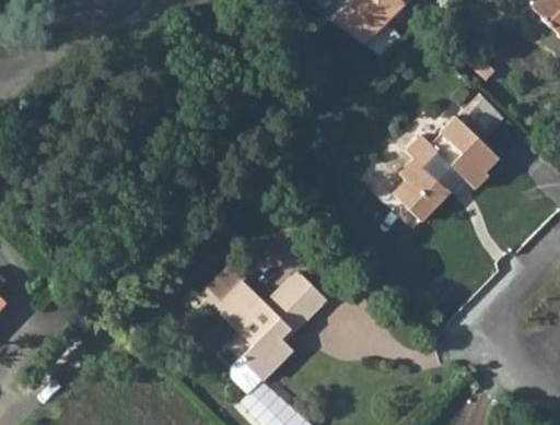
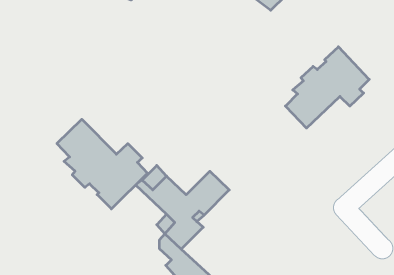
building: none -> [57,119,148,209]

